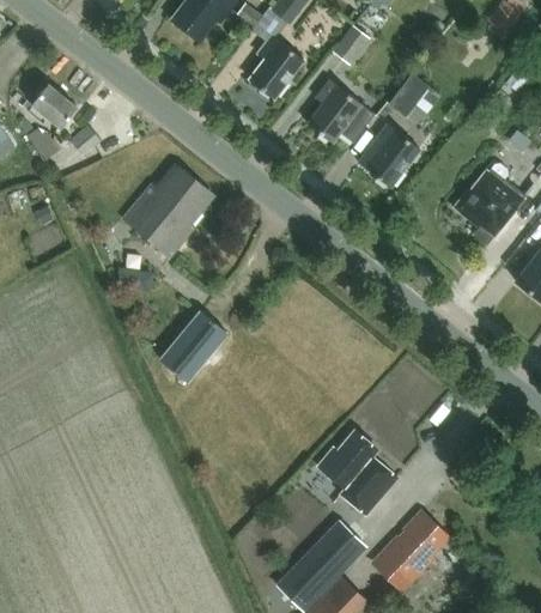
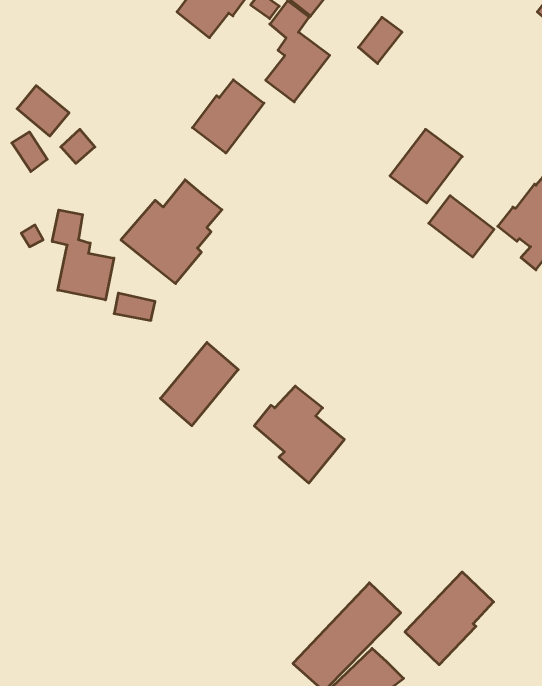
building: [389,73,430,117] -> none
building: none -> [192,80,264,153]
building: [309,80,373,142] -> none
building: none -> [429,196,494,257]
building: none -> [52,210,114,300]
building: [320,431,399,516] -> [254,386,344,483]

